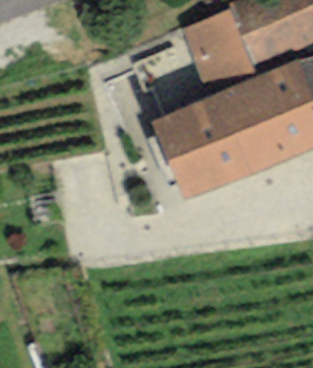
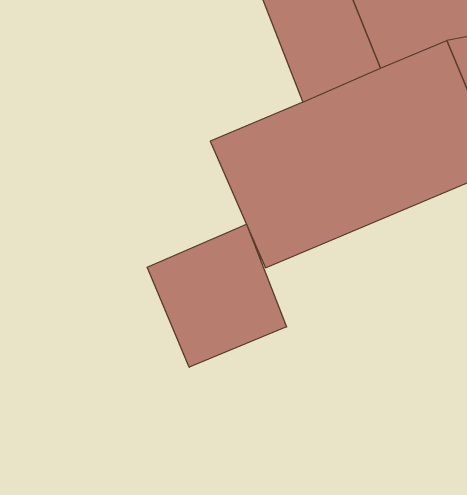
building: none -> [147,224,287,367]

